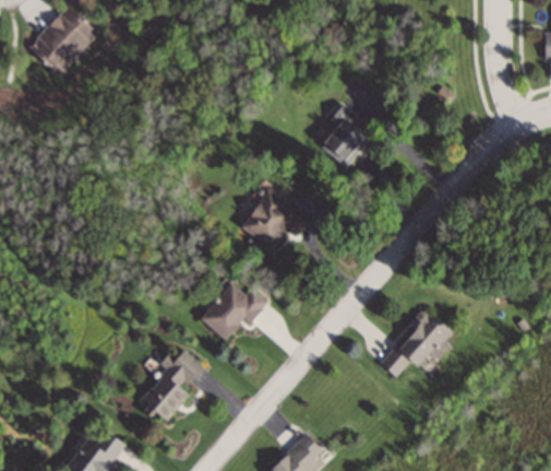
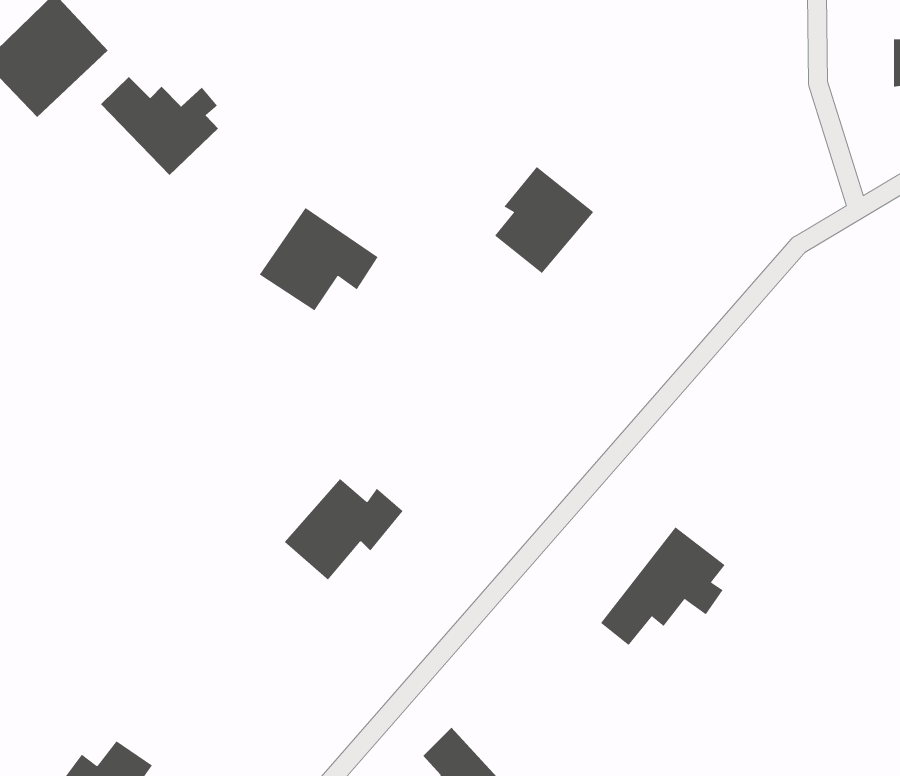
building: none -> [100,76,219,176]
building: [241,190,309,249] -> [259,207,379,311]
building: [139,348,203,424] -> none

